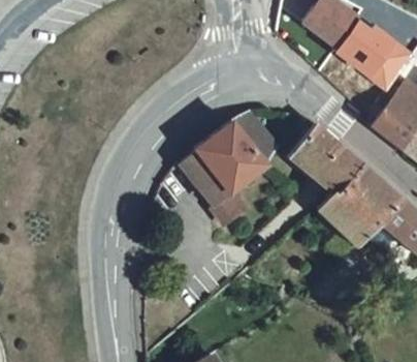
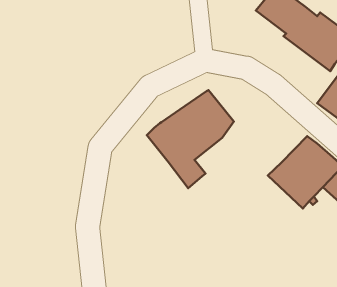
building: [288,124,361,193] -> none

